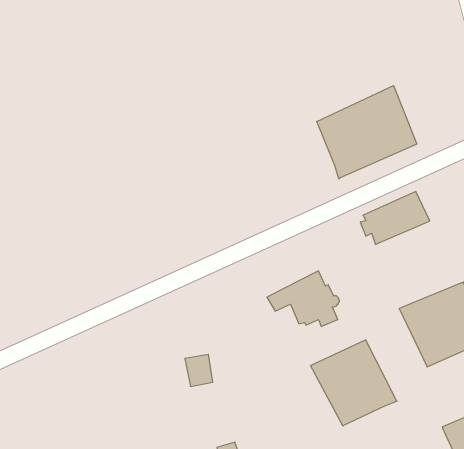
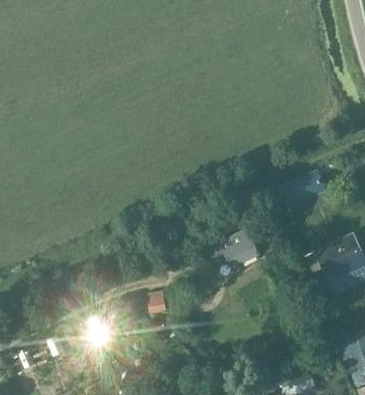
building: [317,86,417,179] -> none
building: [311,340,397,426] -> none

